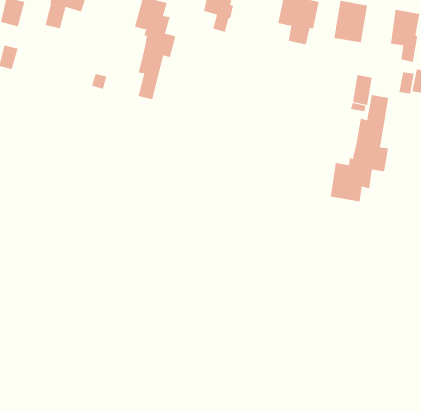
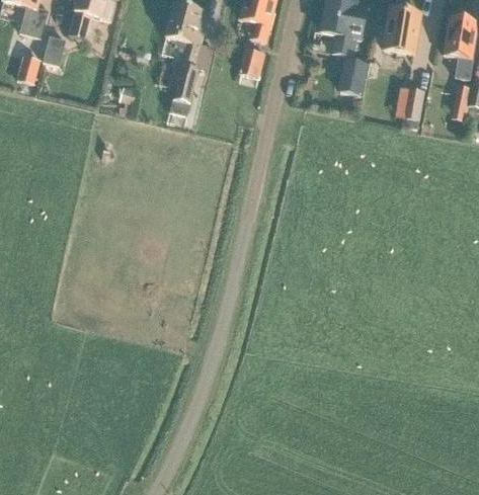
building: none -> [42,34,66,66]
building: none -> [238,46,265,77]
building: none -> [340,59,367,94]
building: [330,94,389,202] -> none

